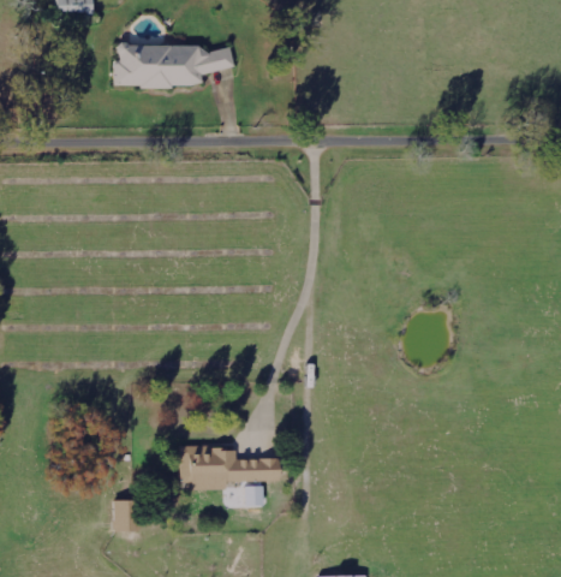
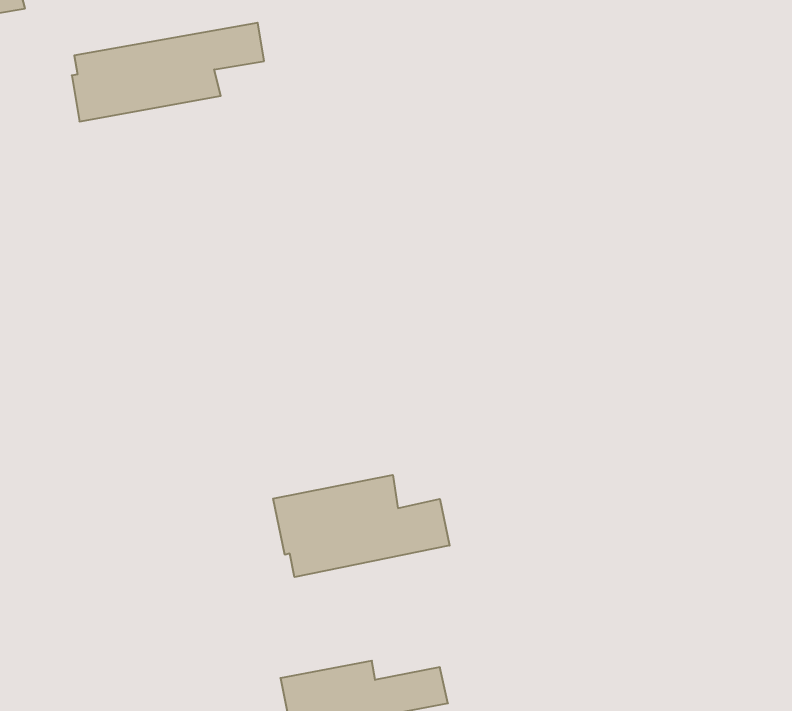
building: none -> [273,475,450,577]

